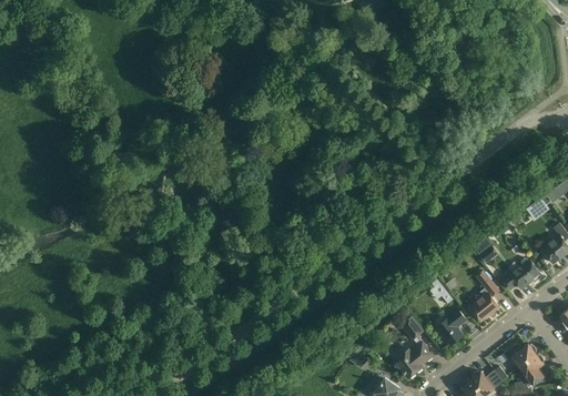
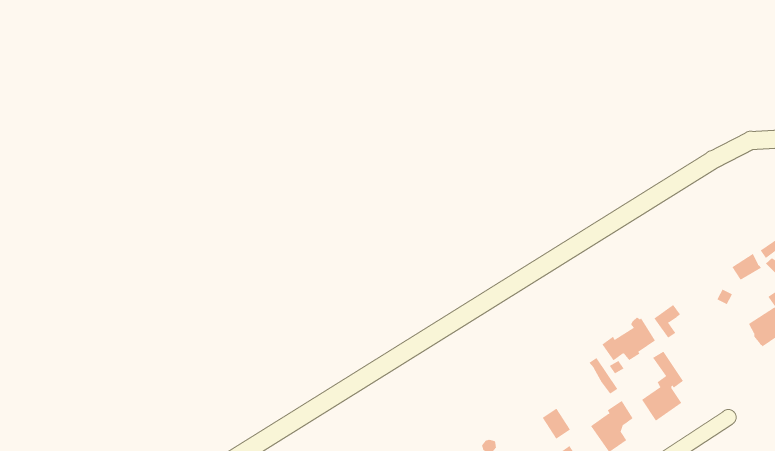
building: [501,257,539,290] -> [602,317,656,361]

